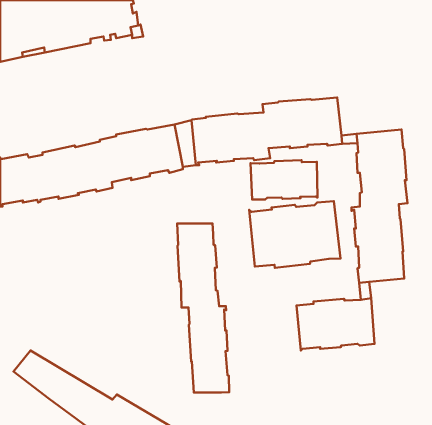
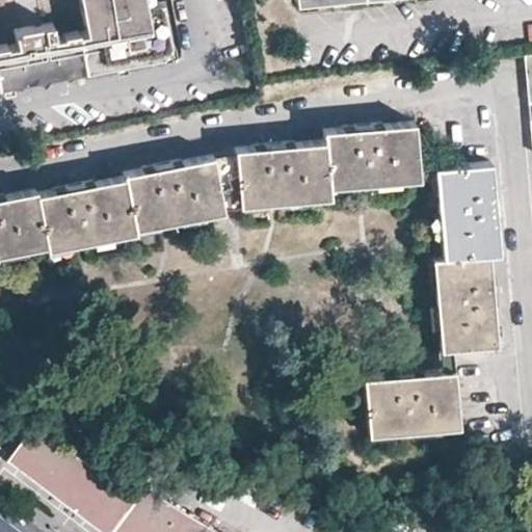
building: [251,160,318,200] -> none
building: [249,201,341,268] -> none
building: [177,223,229,392] -> none

